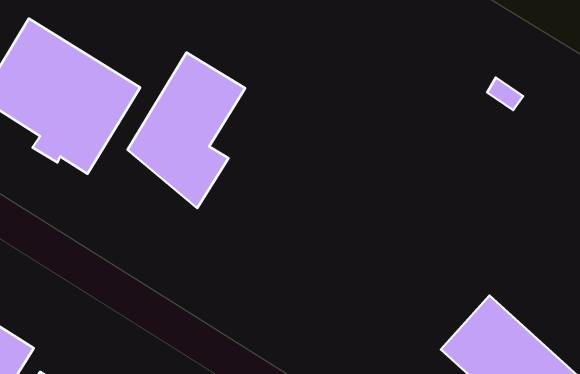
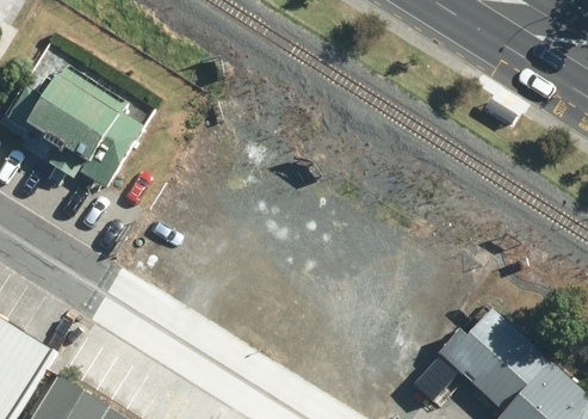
building: [127,52,245,208] -> none

